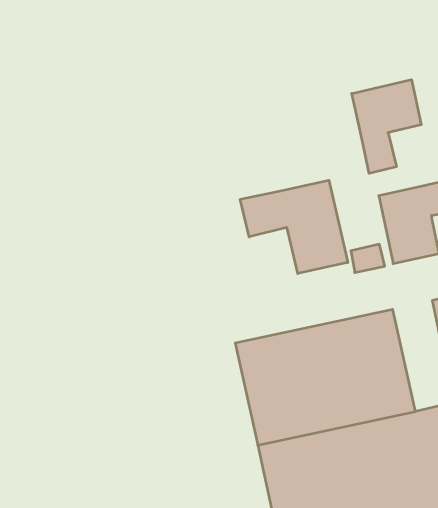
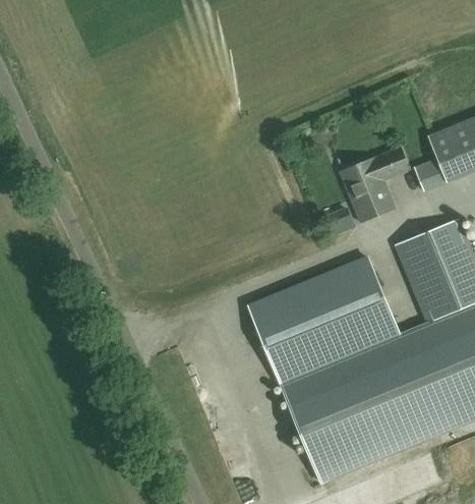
building: [352,80,421,173] -> none
building: [240,180,348,274] -> none

